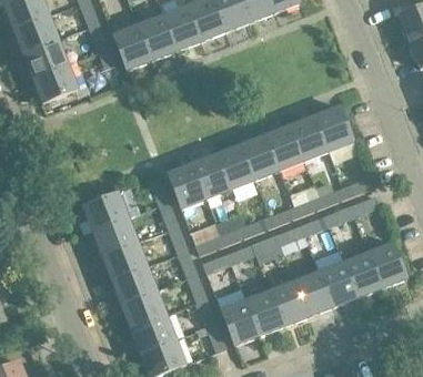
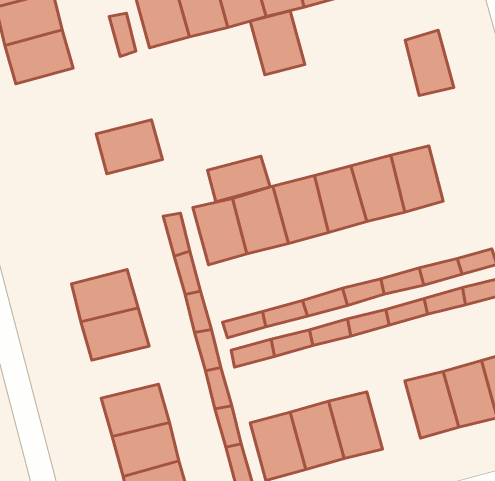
building: none -> [250,11,305,75]
building: [318,105,353,150] -> [405,30,454,96]
building: none -> [208,156,270,202]
building: [82,192,128,231] -> [96,120,162,174]
building: [111,266,157,304] -> none
building: [294,271,333,317] -> none

